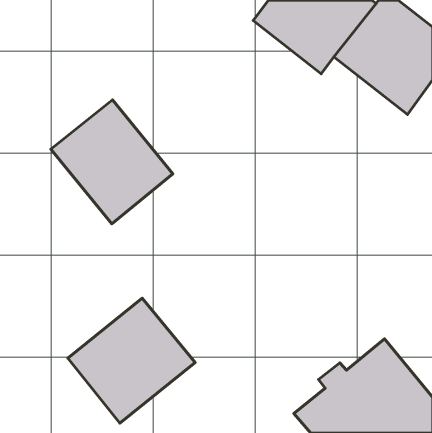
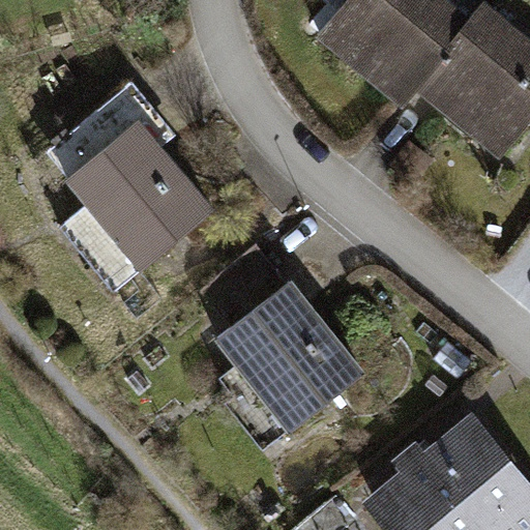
building: none -> [212,283,364,437]
building: [68,298,195,423] -> none

